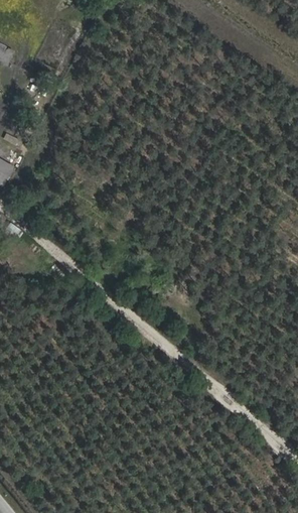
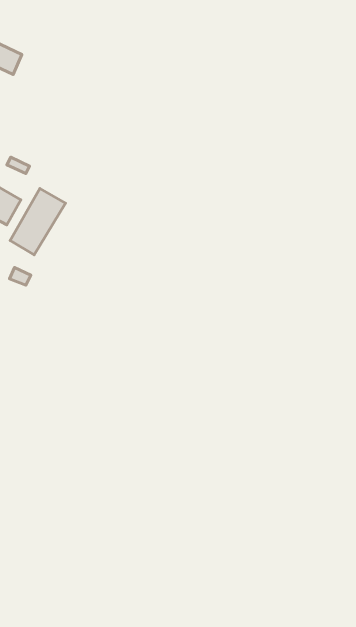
building: none -> [10,188,66,255]

